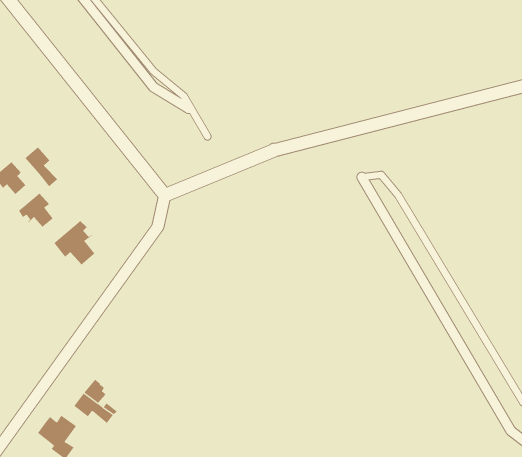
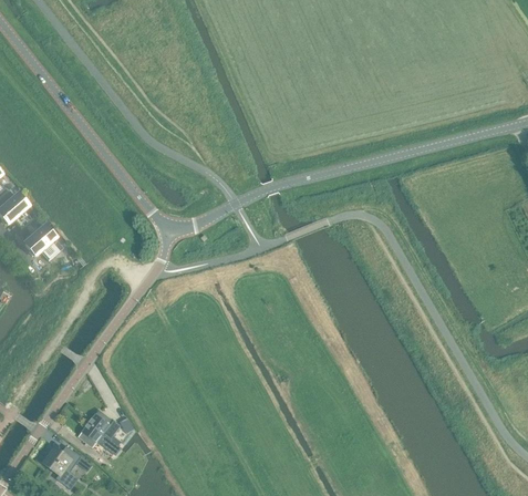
building: [25,146,58,187] -> none
building: [53,220,96,266] -> none

